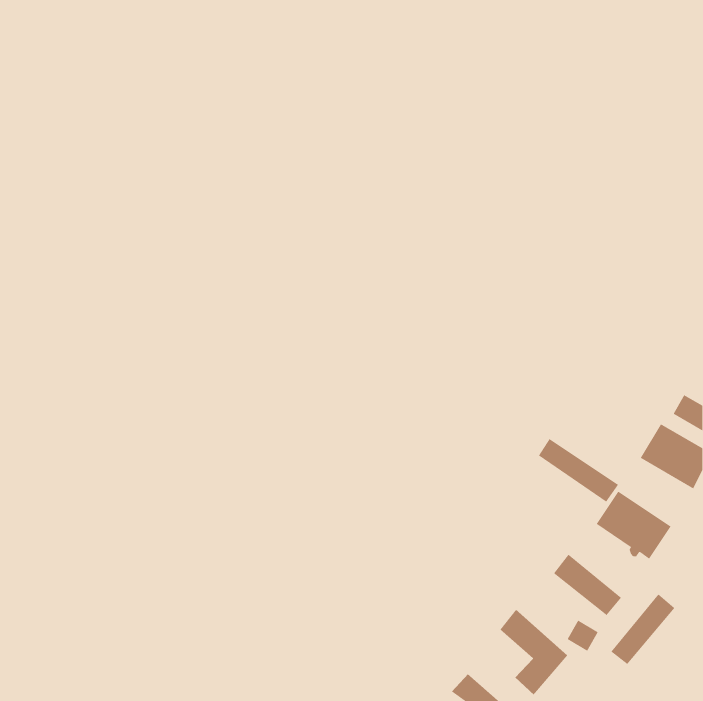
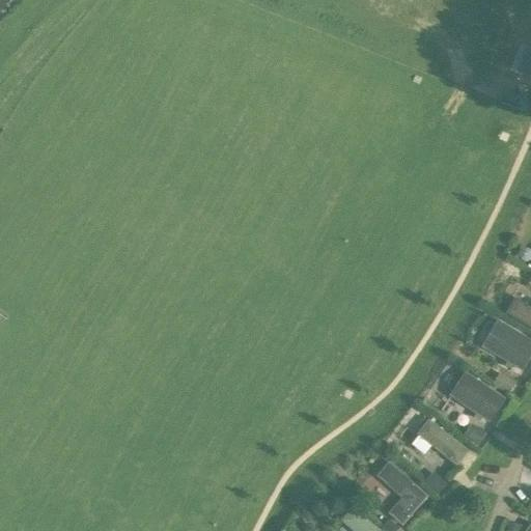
building: [538,438,619,502] -> none
building: [611,593,675,665] -> none

